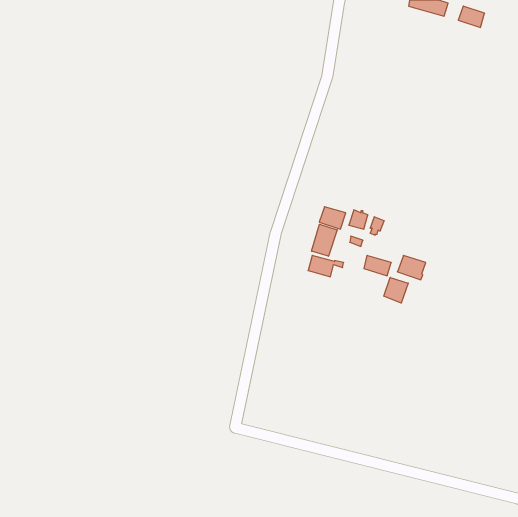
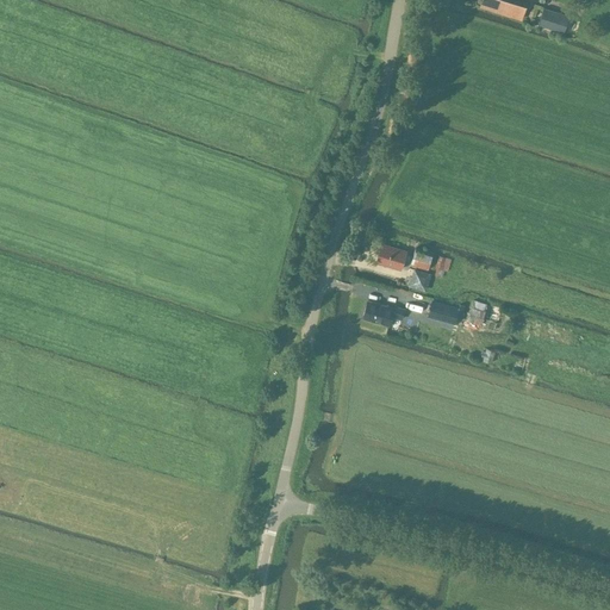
building: [312,224,337,256] -> none
building: [384,277,408,303] -> none

